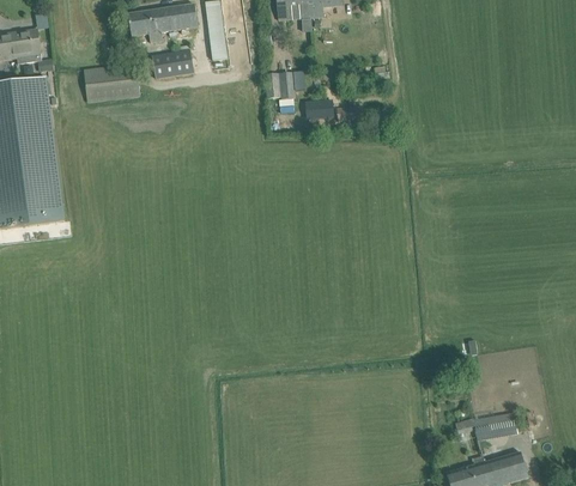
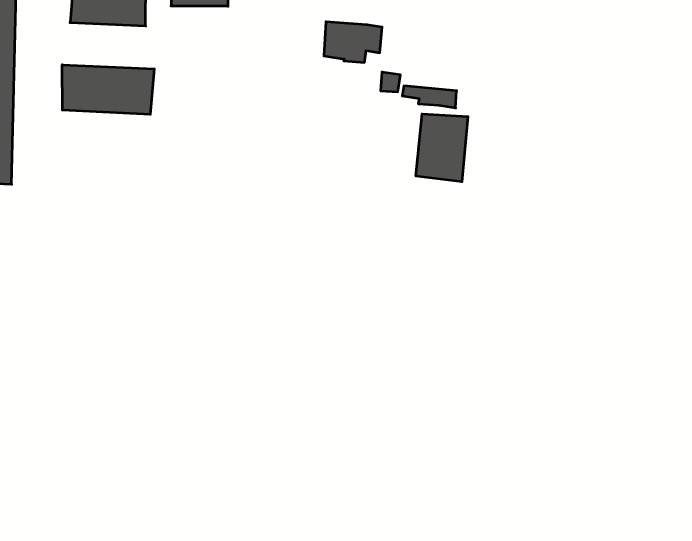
building: none -> [416,114,468,182]
building: none -> [62,65,154,114]

